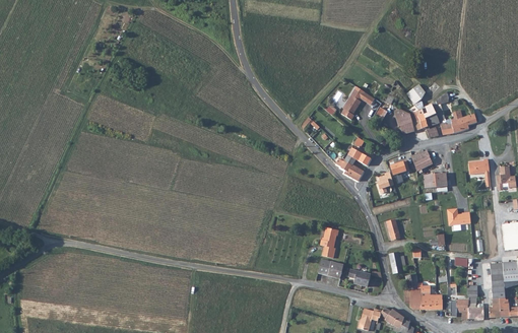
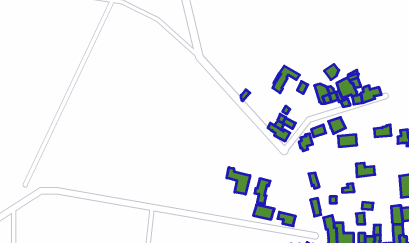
building: none -> [227,167,250,194]

